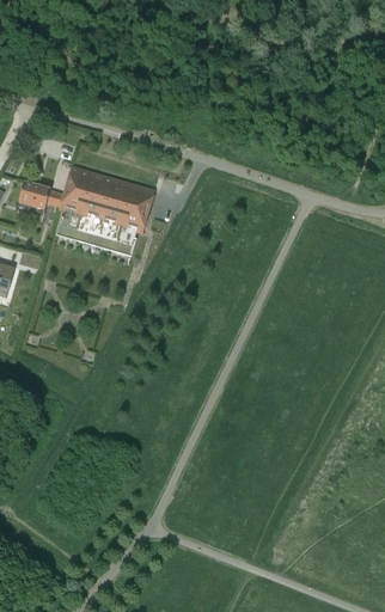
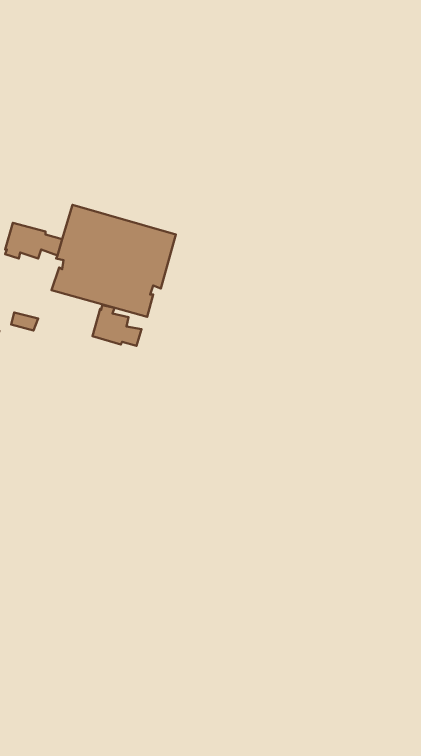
building: none -> [92,305,141,346]

